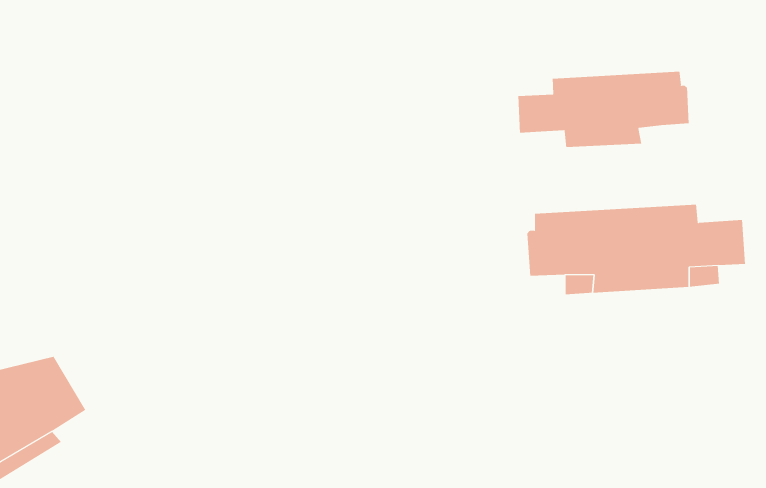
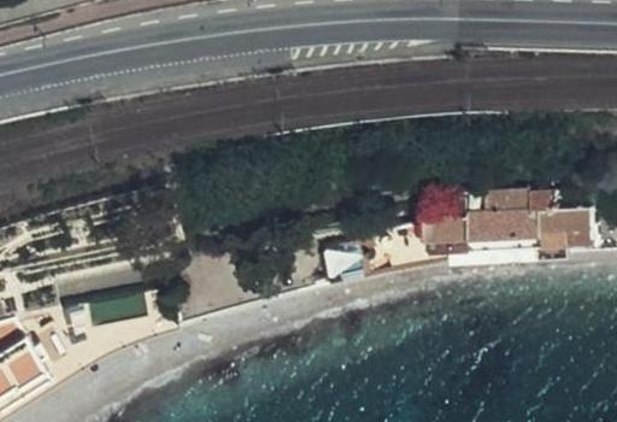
building: [518,71,689,148] -> none

